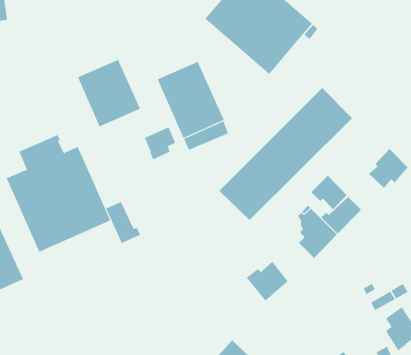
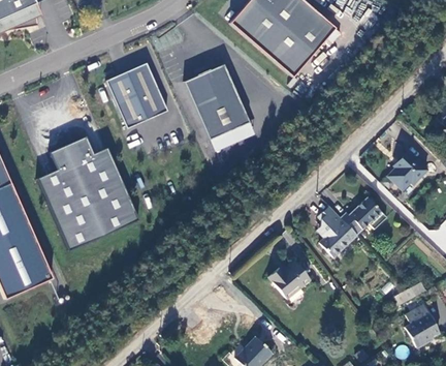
building: [218,87,353,221] -> none
building: [144,127,176,160] -> none
building: [310,175,347,210] -> none
building: [105,201,141,244] -> none

